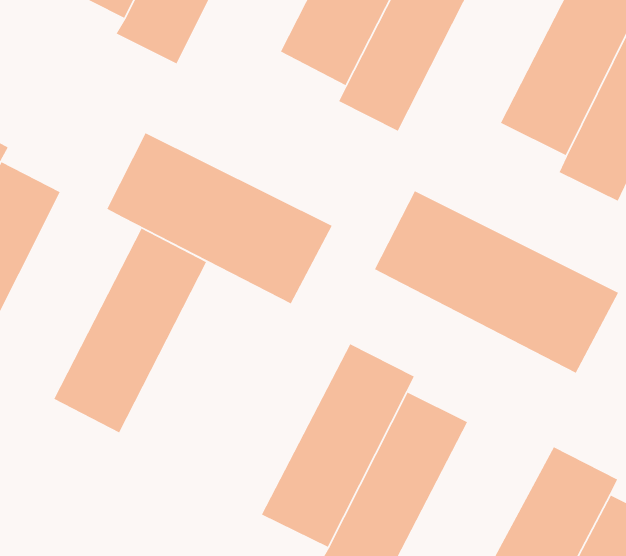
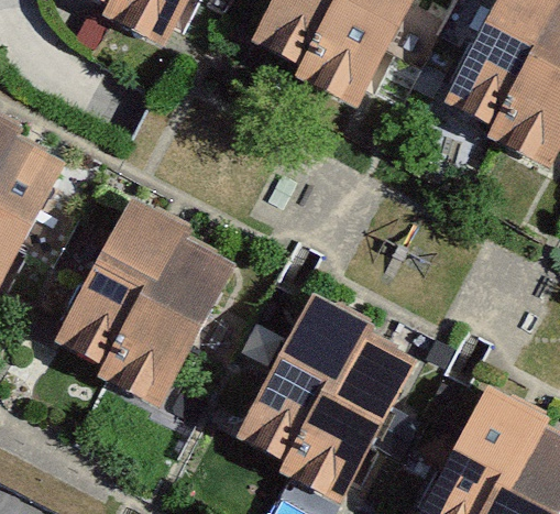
building: [106,132,333,304] -> none
building: [374,190,619,374] -> none
building: none -> [107,242,234,417]

